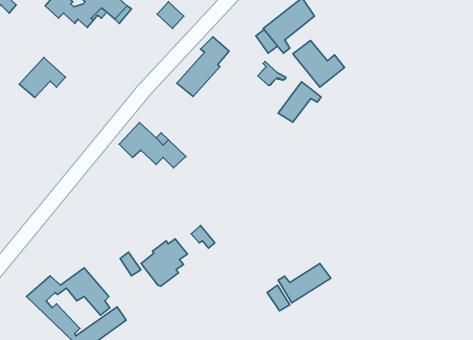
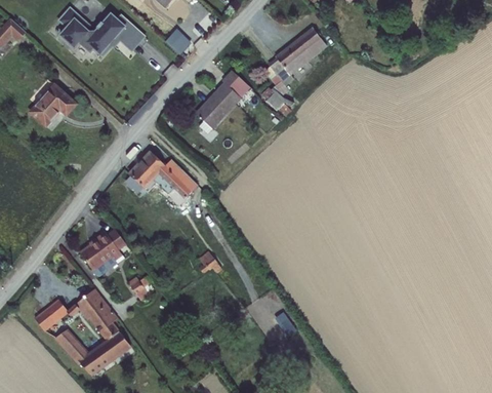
building: [293,40,345,87] -> none
building: [278,82,321,122] -> none
building: [141,239,188,286] -> [83,232,129,279]
building: [278,263,331,303] -> none

